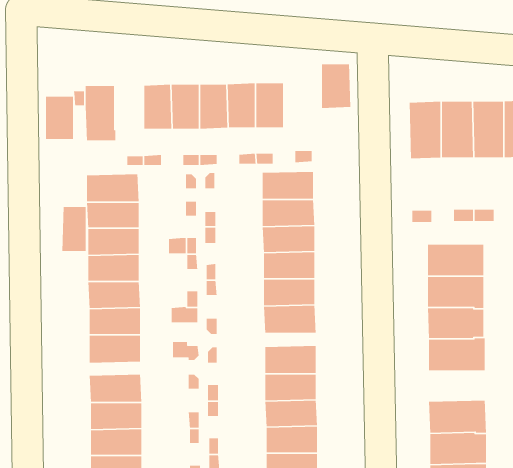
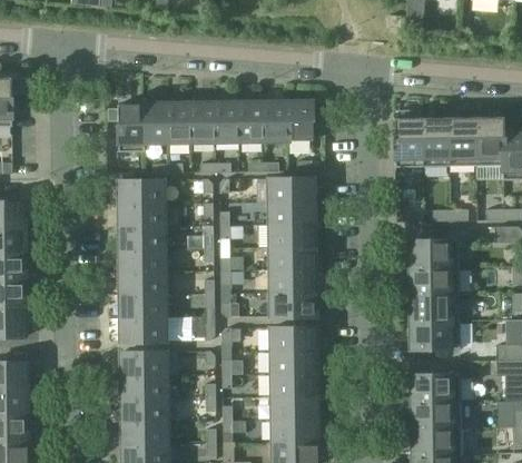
building: [321,63,351,109] -> [287,101,313,140]
building: [45,96,74,140] -> [142,104,167,141]
building: [62,206,86,252] -> none

